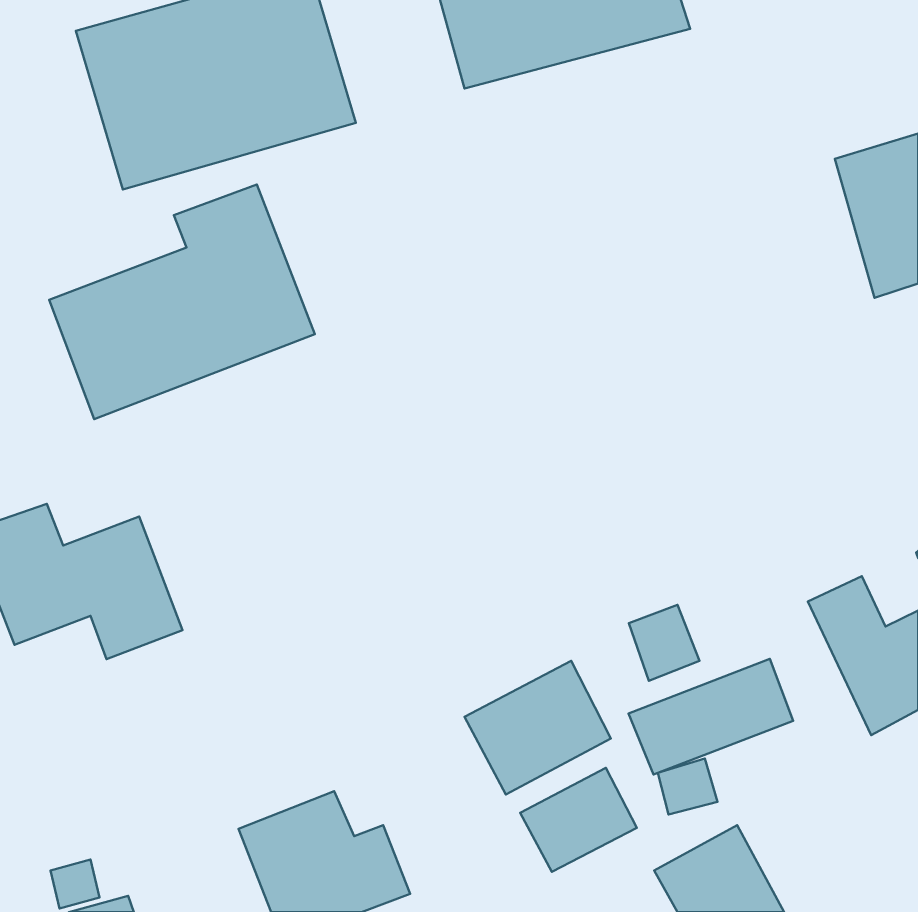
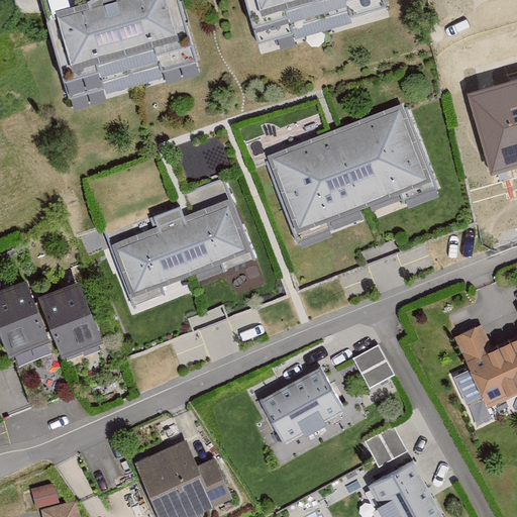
building: none -> [266,102,439,245]
building: [49,184,315,419] -> [108,178,256,309]
building: [629,659,793,774] -> none
building: [520,768,637,872] -> none

